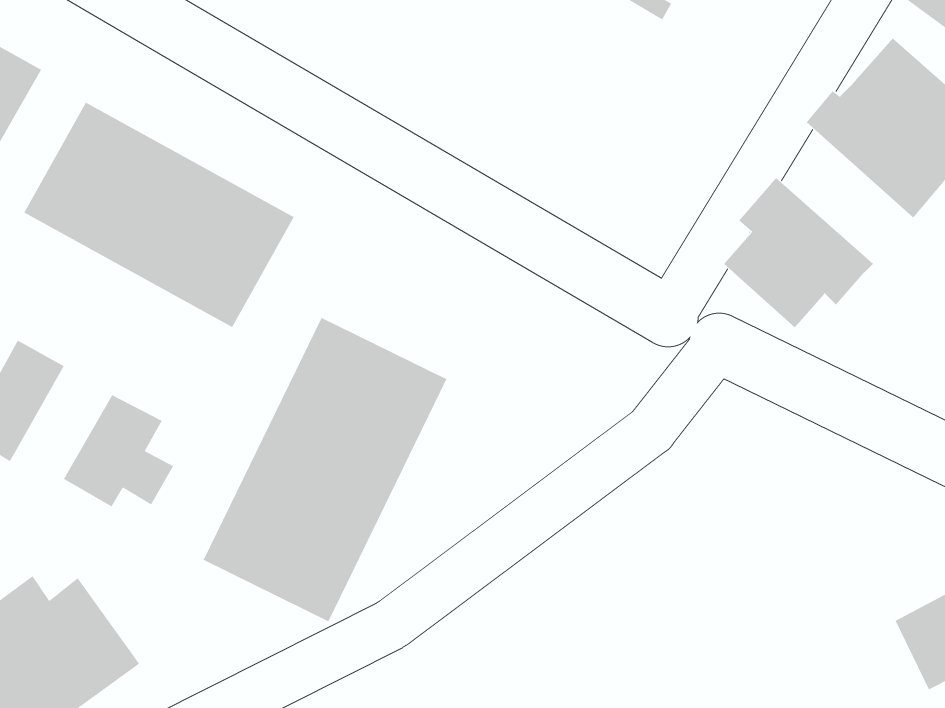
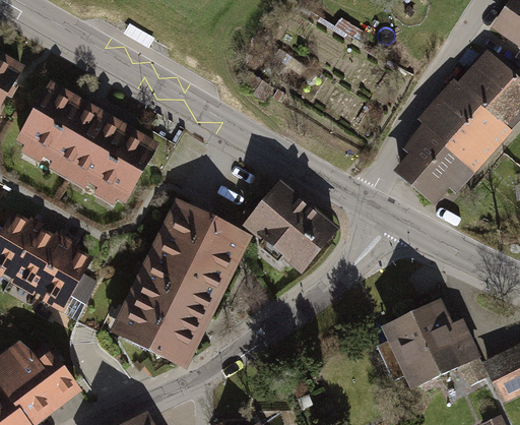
building: none -> [415,96,496,172]
building: none -> [247,183,335,269]
building: none -> [12,227,64,288]
building: none -> [386,306,476,390]

